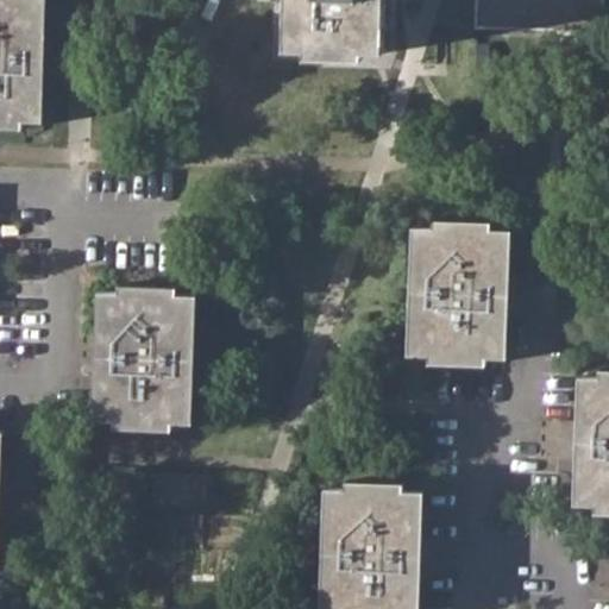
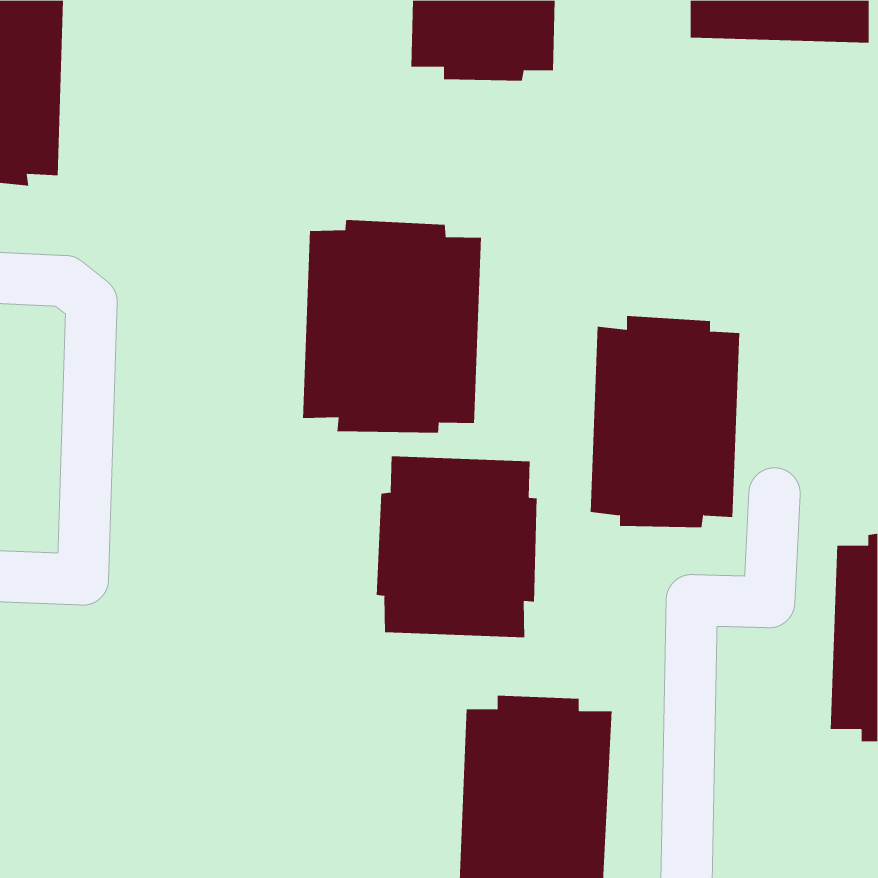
building: none -> [303,219,481,433]
building: [90,287,195,432] -> none
building: none -> [376,456,537,638]

